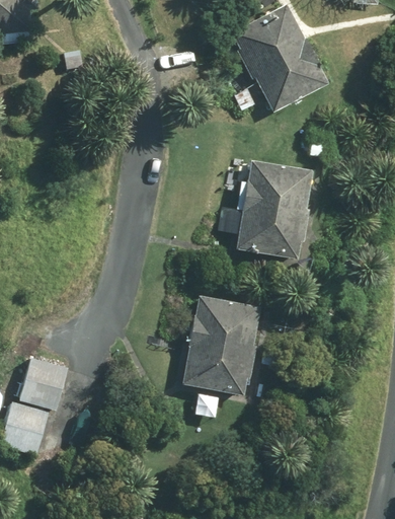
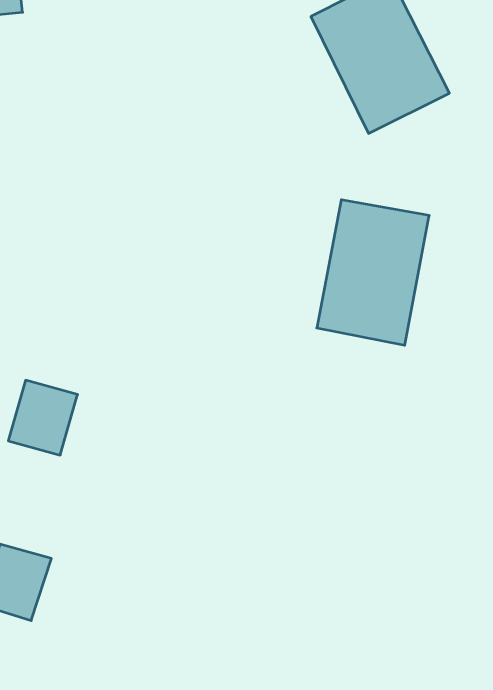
building: [181,294,260,396] -> none
building: [19,356,68,409] -> [8,380,78,455]

